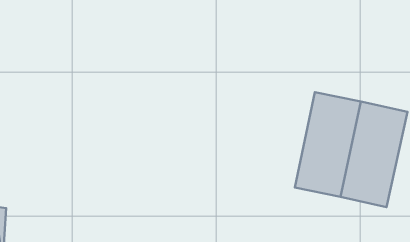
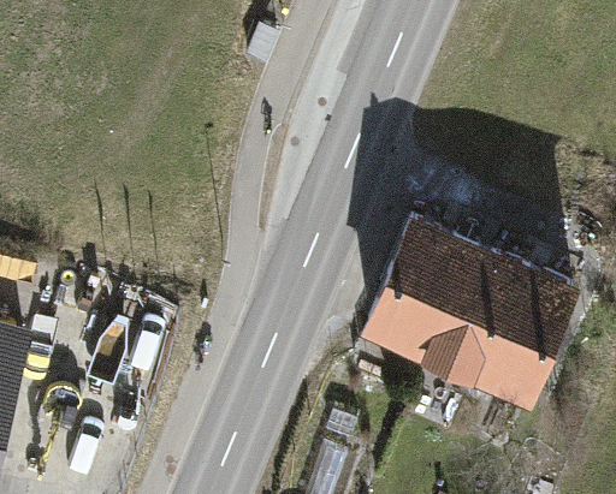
building: none -> [359,218,466,365]

